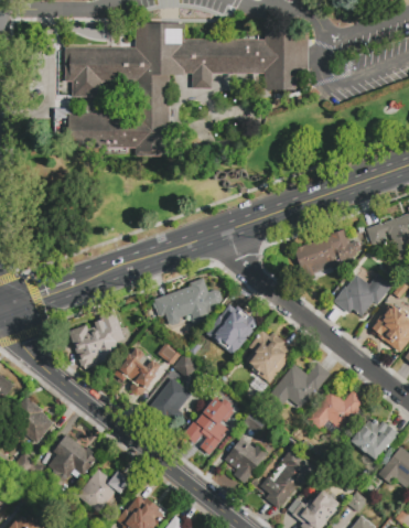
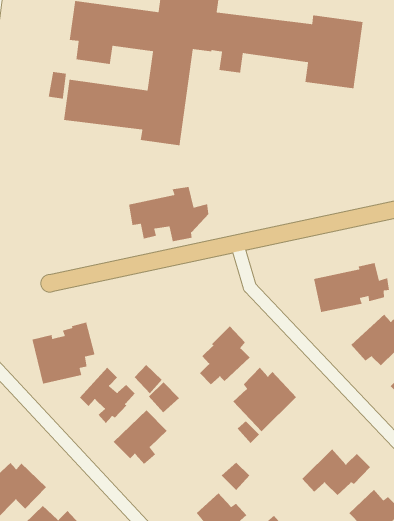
building: [153,277,222,326] -> [128,186,209,242]
building: [267,363,331,409] -> none
building: [184,399,236,456] -> none

